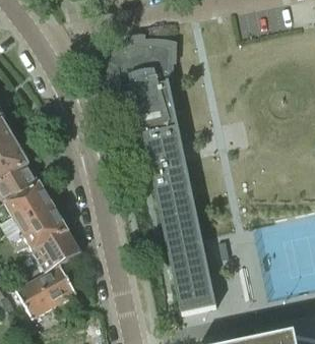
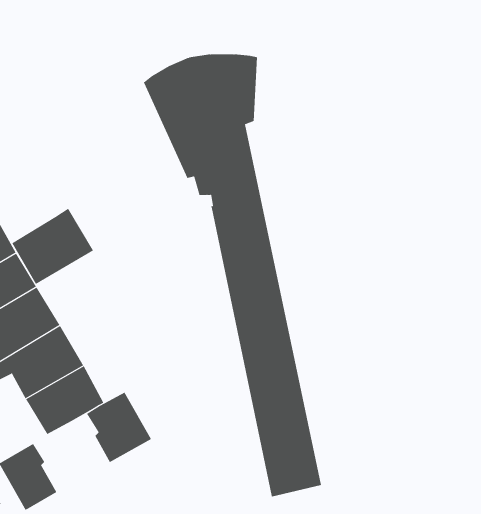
building: none -> [11,208,94,285]
building: [38,264,77,306] -> [86,392,152,463]

